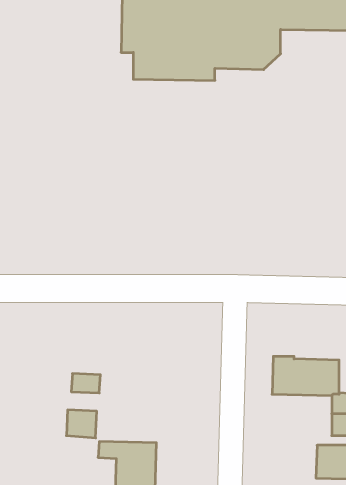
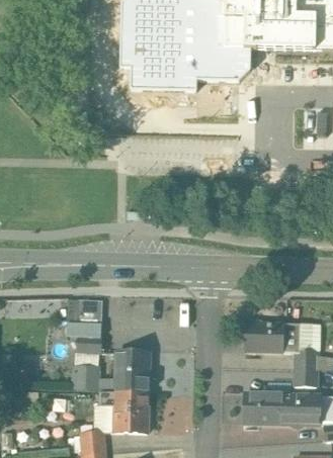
building: none -> [77,298,102,324]
building: none -> [100,351,149,392]
building: none -> [243,392,281,422]

